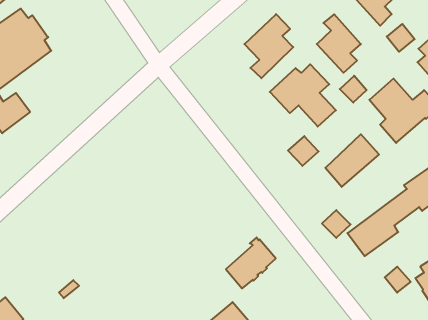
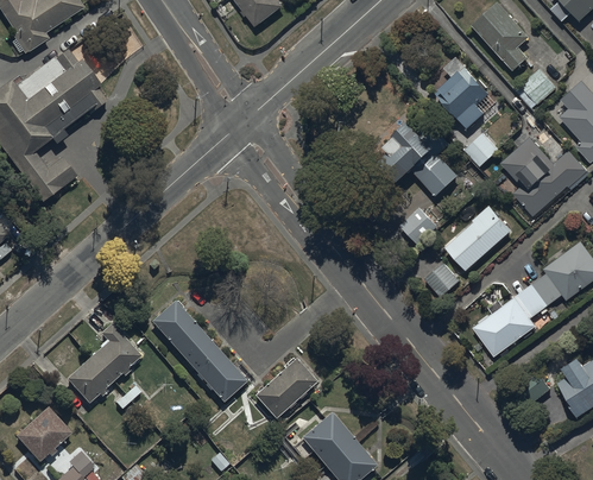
building: [244,14,293,78] -> none
building: [322,210,351,238] -> [424,261,460,296]
building: none -> [150,301,246,403]
building: none -> [67,323,140,402]
building: [226,237,276,288] -> [254,355,316,418]

